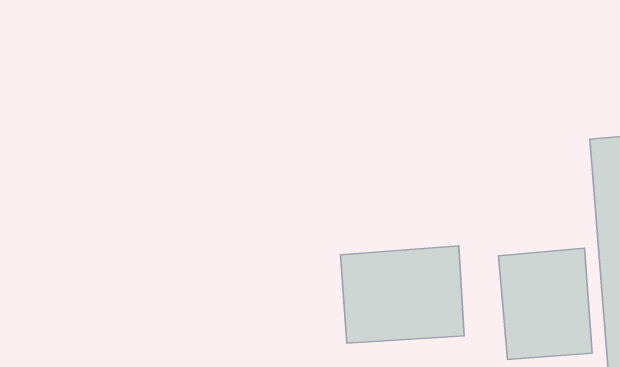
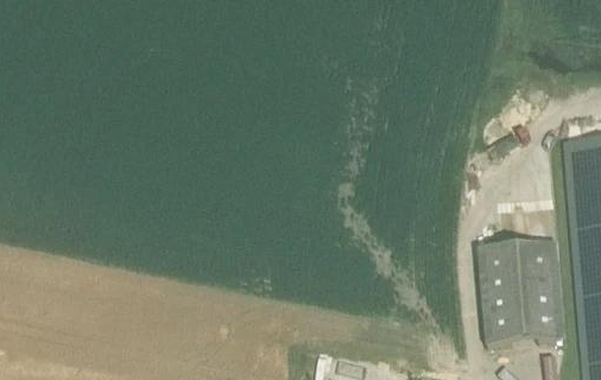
building: [340,246,464,343] -> none

